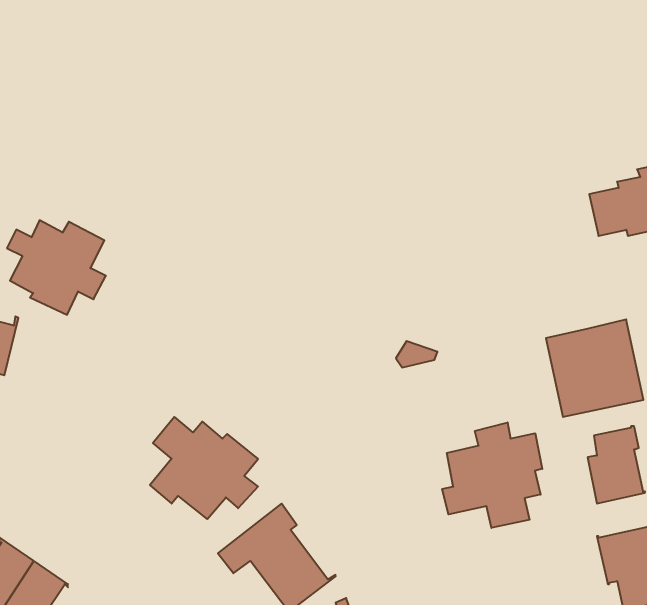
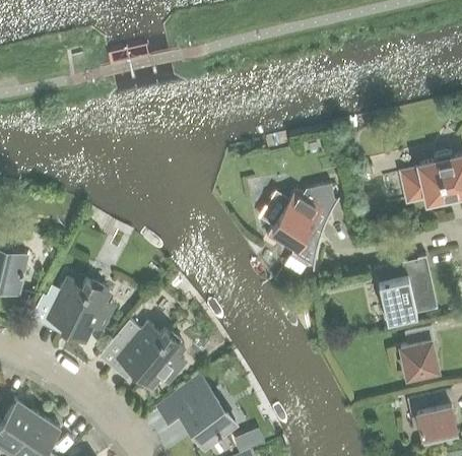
building: none -> [259,185,339,272]
building: [7,220,106,315] -> [45,280,110,342]
building: [442,422,542,528] -> none

